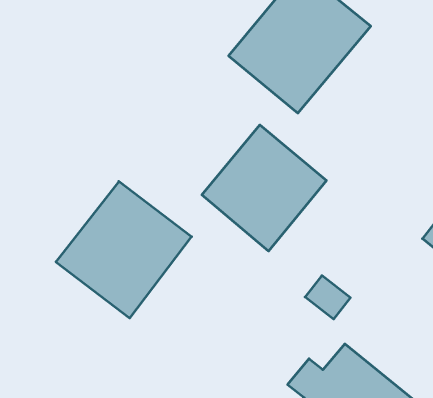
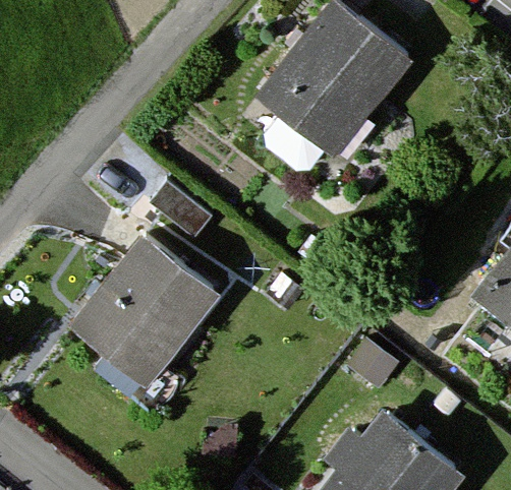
building: [202,125,326,251] -> none

